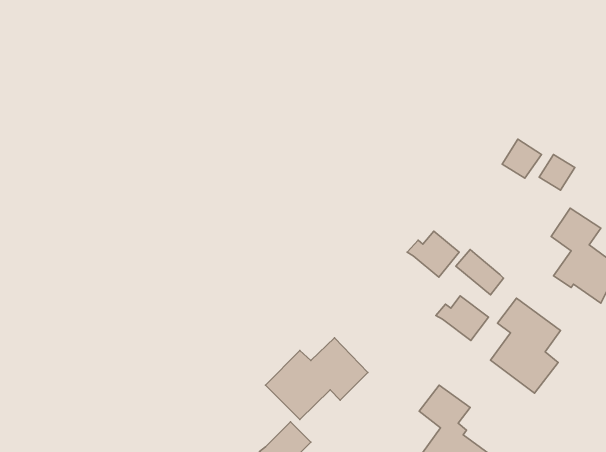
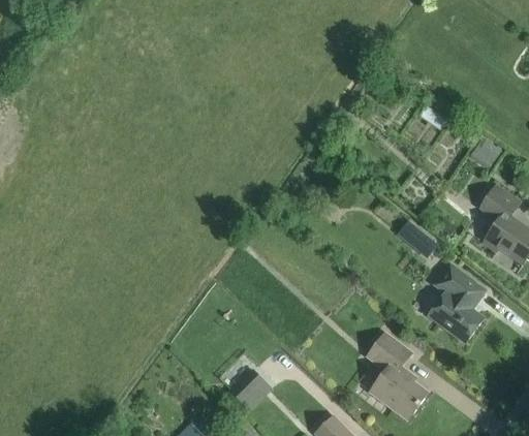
building: [407,231,459,277] -> none
building: [436,296,488,341] -> none
building: [266,338,368,420] -> none

